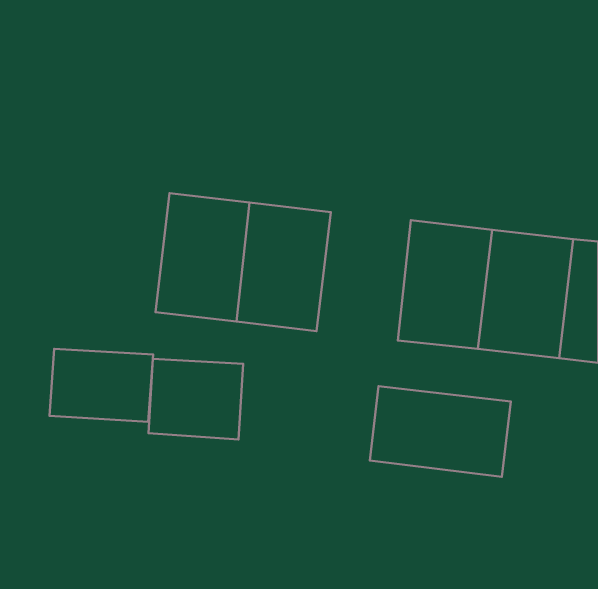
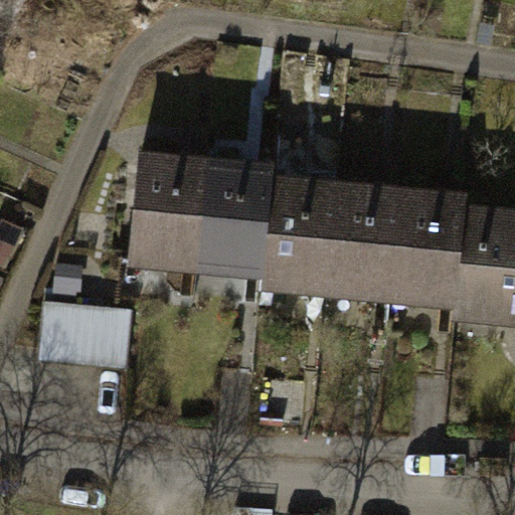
building: none -> [271,181,351,291]
building: [148,359,243,439] -> none
building: [370,386,511,477] -> none

